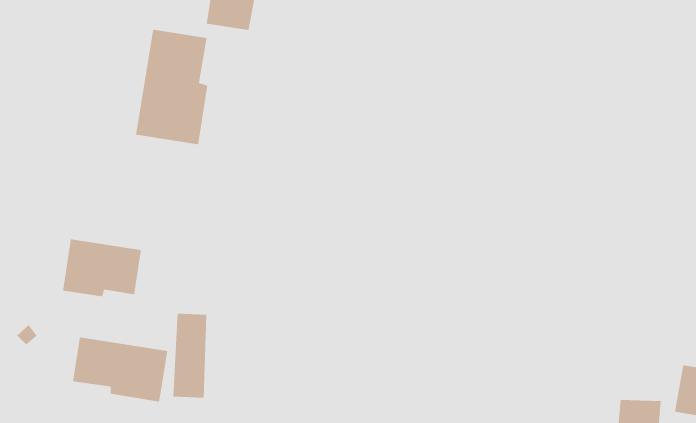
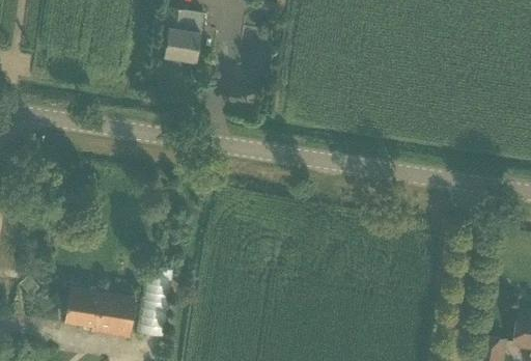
building: [136,29,208,145] -> none
building: [62,238,142,297] -> none

